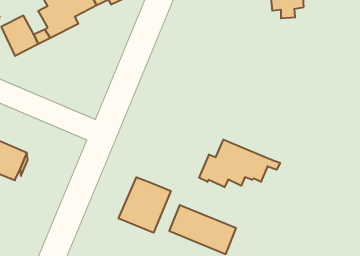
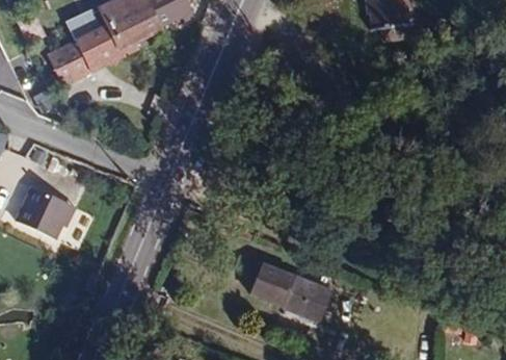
building: [199,140,280,187] -> none
building: [119,177,171,233] -> none

